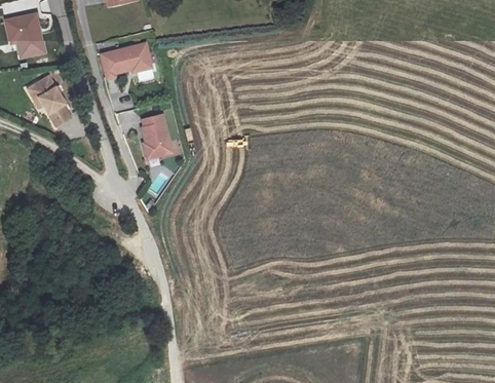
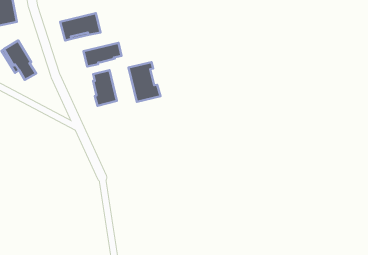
building: none -> [84,43,121,67]
building: none -> [129,62,161,102]

